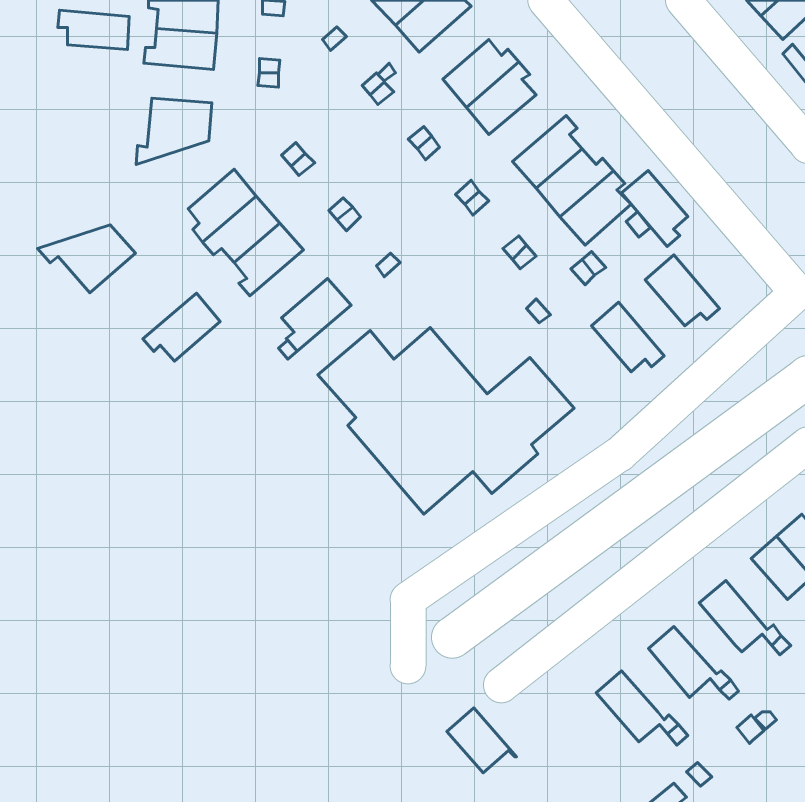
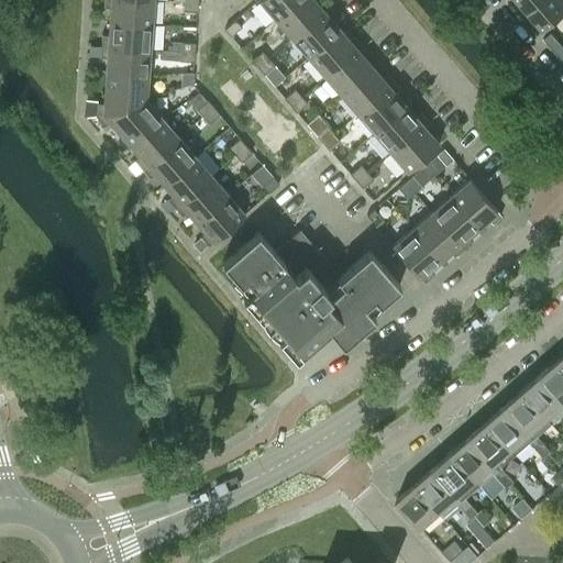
building: none -> [294,9,342,59]
building: [58,10,129,50] -> [101,48,151,76]
building: none -> [342,70,396,117]
building: [621,171,688,246] -> [432,199,478,252]
building: [38,225,136,293] -> [97,102,165,150]
building: [143,293,220,361] -> [176,178,230,225]
building: none -> [394,231,441,285]
building: none -> [507,393,554,442]
building: none -> [471,423,518,473]
building: none -> [434,455,482,505]
building: [447,708,517,773] -> [398,486,446,531]

